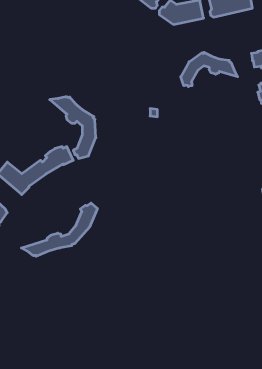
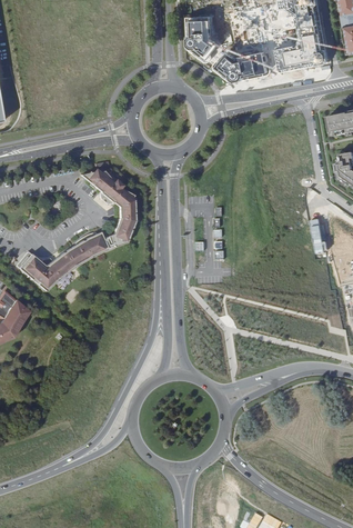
building: [181,52,238,87] -> none
building: [21,203,97,256] -> none

